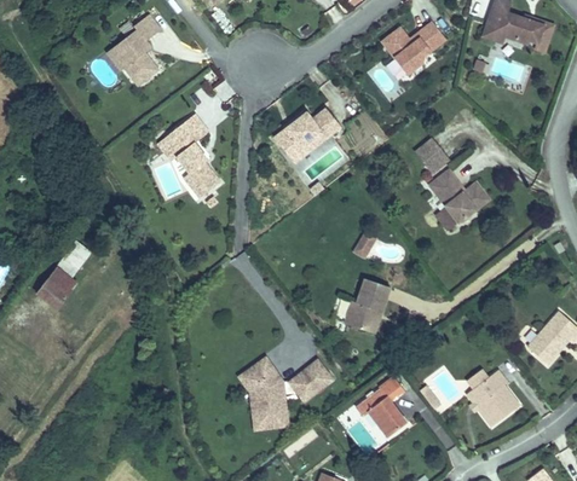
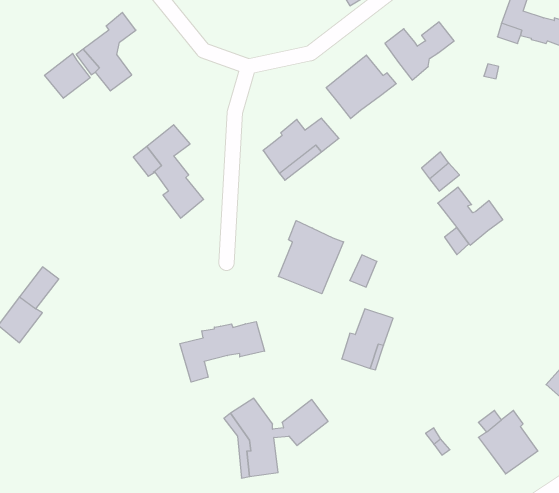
building: none -> [45,53,90,98]
building: none -> [326,55,396,119]
building: none -> [278,221,344,294]
building: none -> [180,322,265,382]
building: [356,376,406,437] -> none

